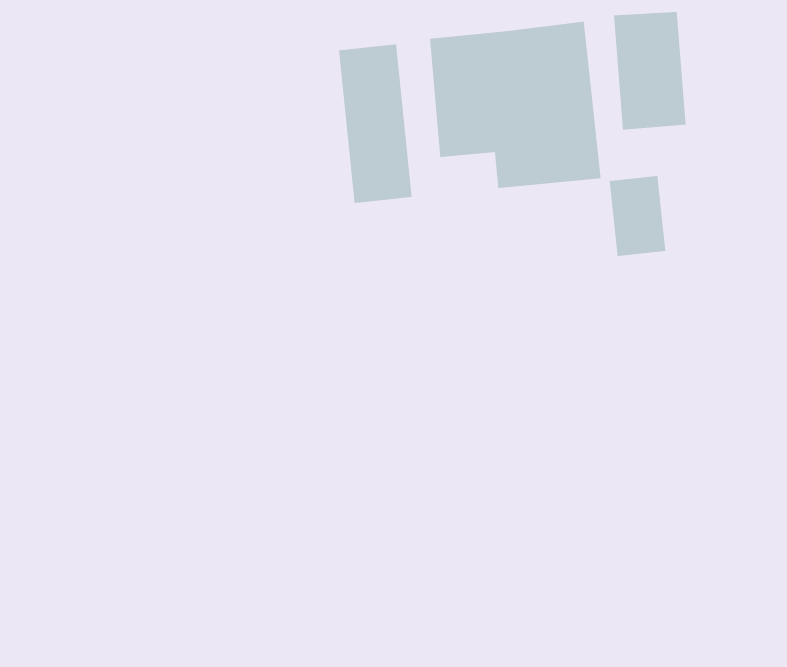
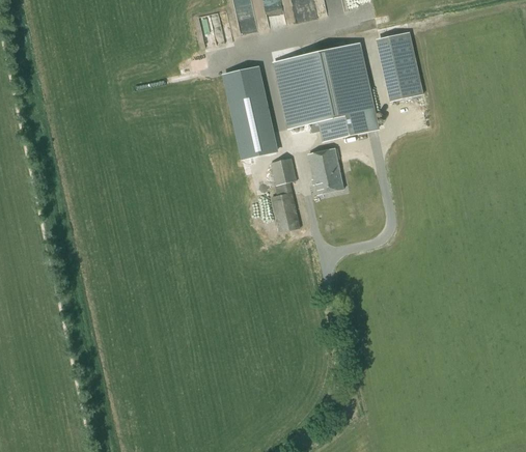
building: [609,175,666,257] -> [307,146,343,194]
building: none -> [269,157,300,231]

